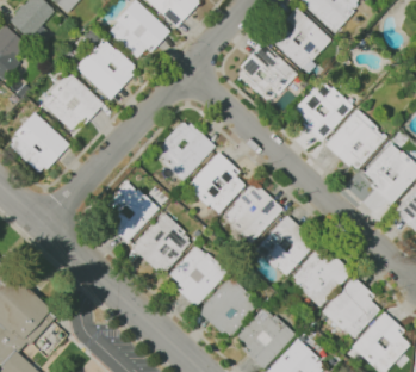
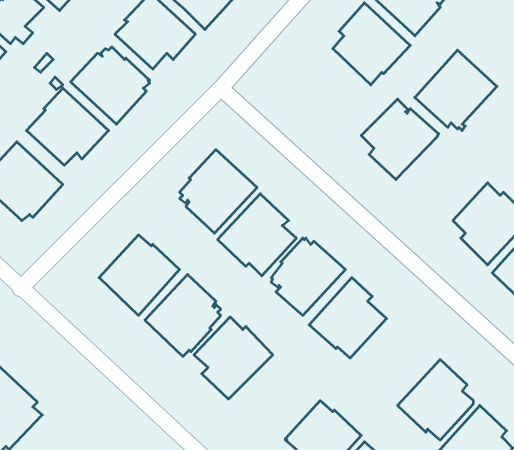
building: [238,41,298,100] -> none
building: [324,108,386,169] -> [415,50,497,131]
building: [288,243,353,308] -> none
building: [197,275,259,340] -> none

